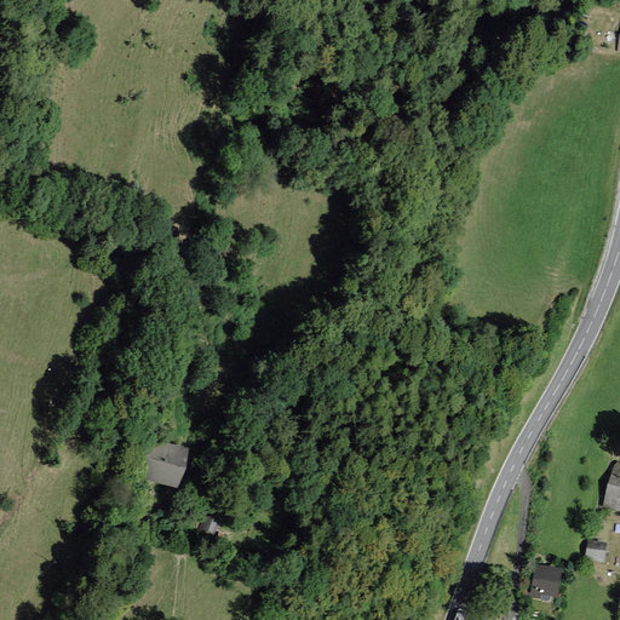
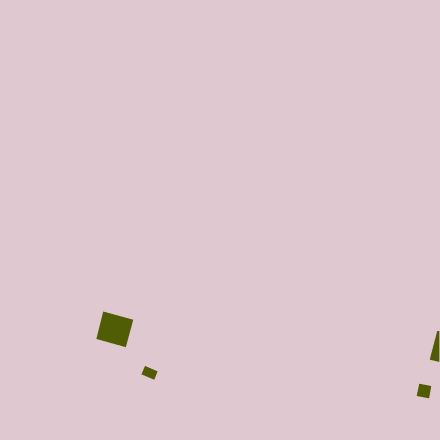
building: [530,566,562,599] -> none

